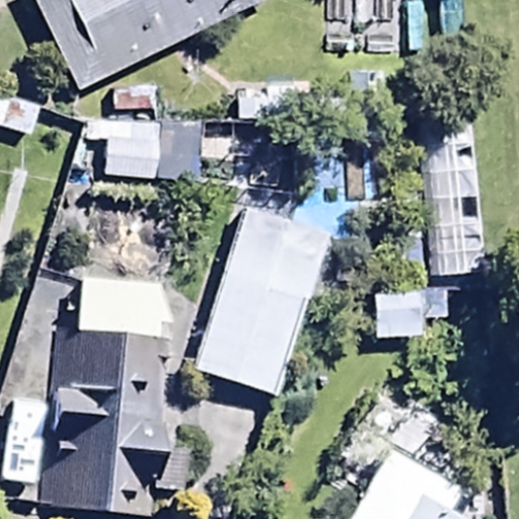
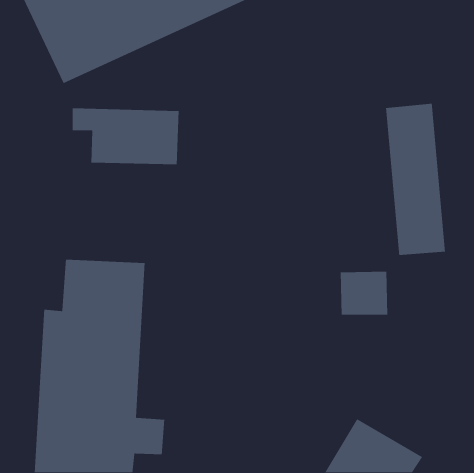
building: [193,205,330,396] -> none

